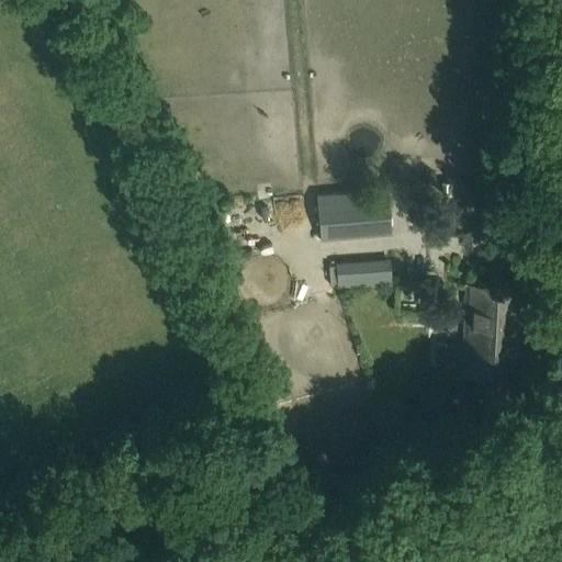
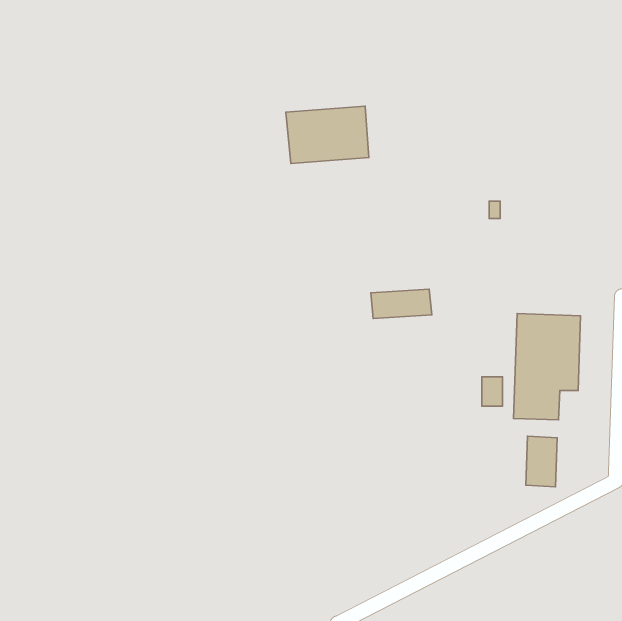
building: [316,189,391,240] -> [286,106,369,163]
building: none -> [526,436,557,487]

